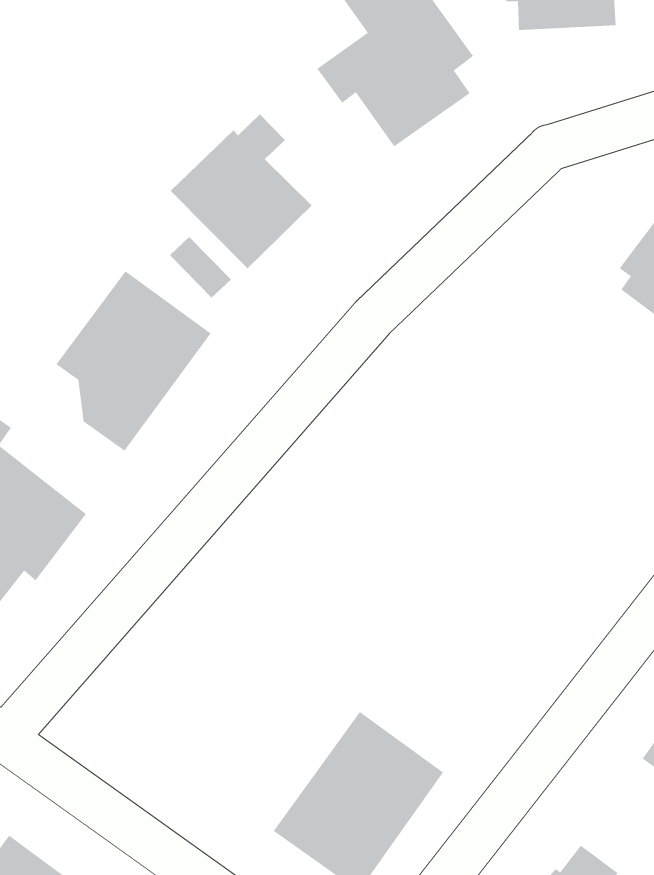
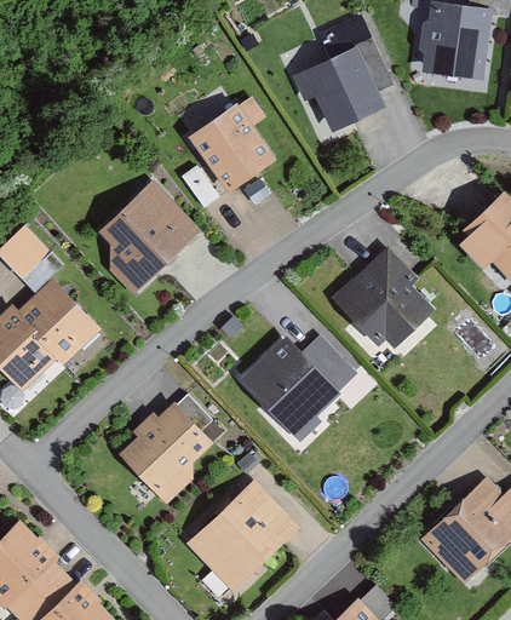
building: none -> [331,246,431,346]
building: none -> [240,333,355,442]
building: none -> [119,392,212,507]

